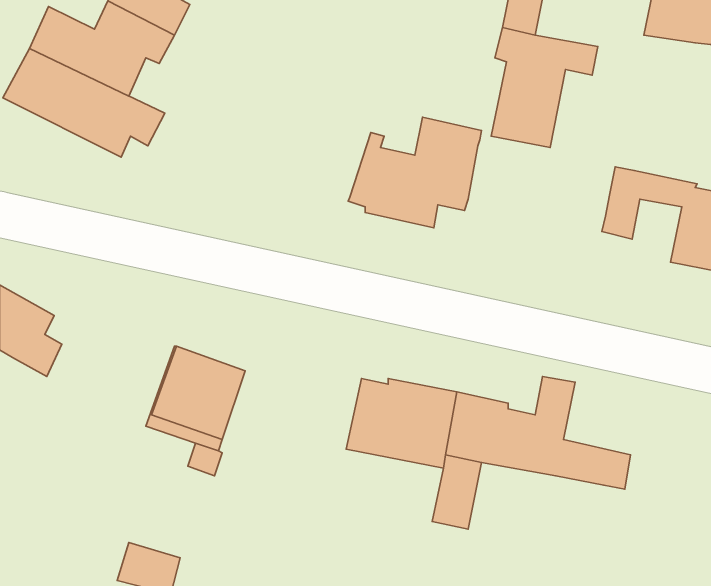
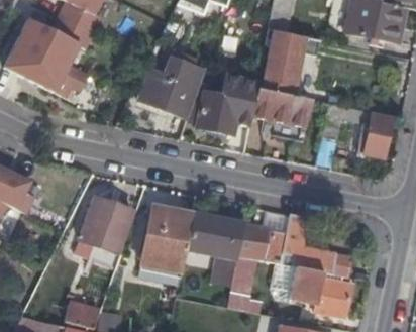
building: none -> [137,59,204,118]
building: none -> [250,91,328,130]
building: none -> [142,206,194,269]
building: none -> [290,265,351,316]

